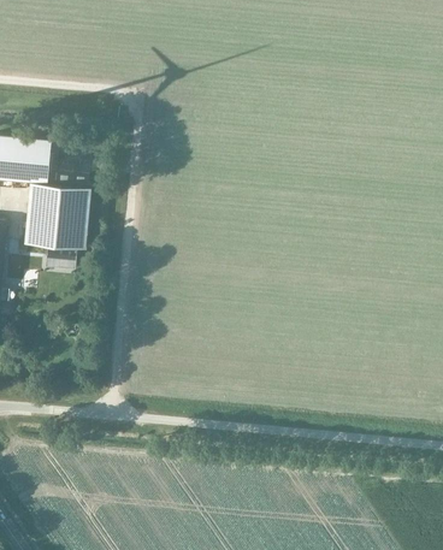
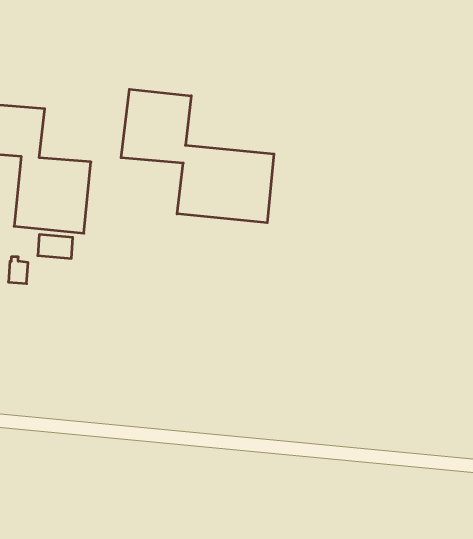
building: none -> [121,89,274,223]

